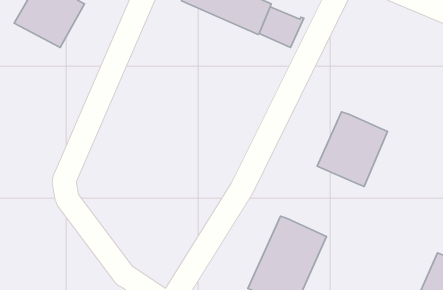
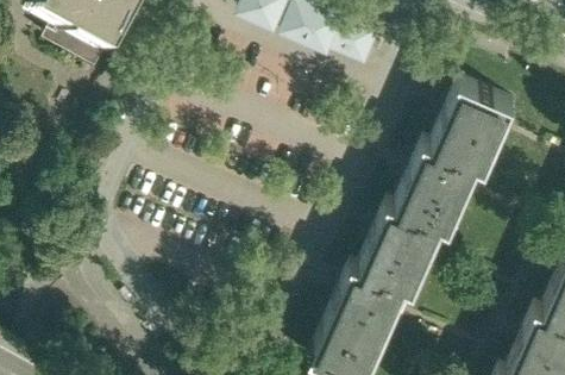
building: none -> [432,82,513,169]
building: none -> [359,204,441,290]

